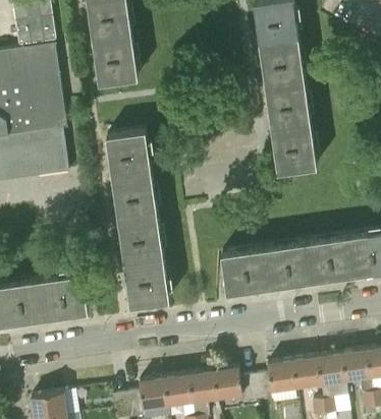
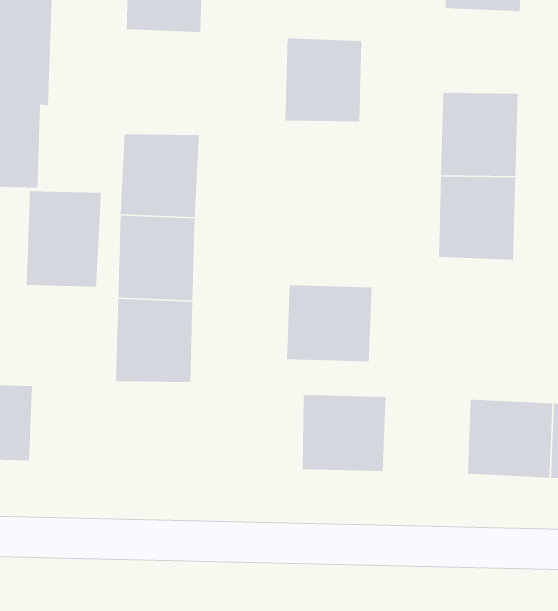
building: [259,40,304,87] -> [285,38,362,122]
building: none -> [26,191,102,287]
building: [263,241,311,286] -> [286,284,372,362]
building: [123,257,168,306] -> none

